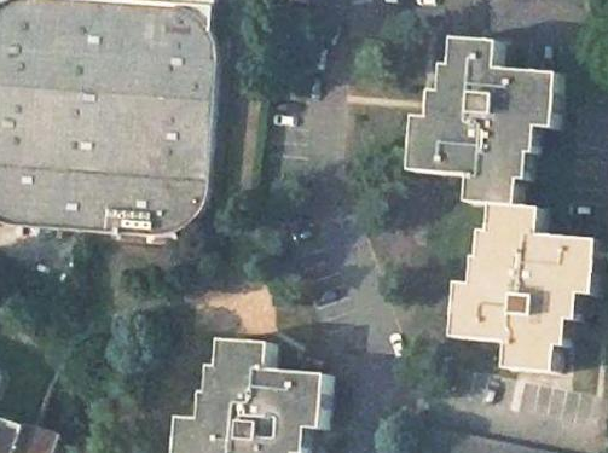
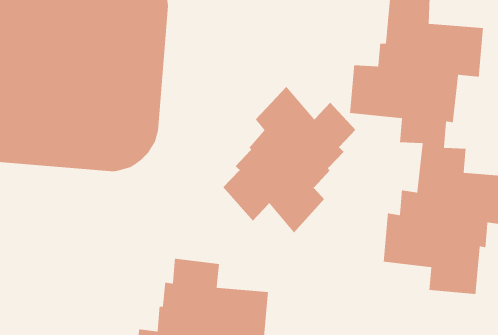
building: none -> [223,86,356,234]

